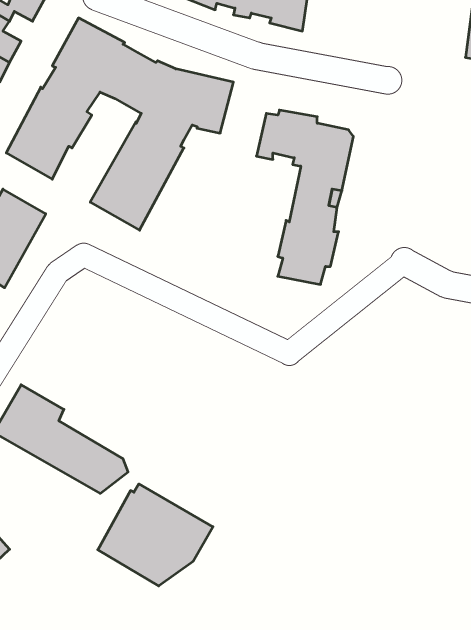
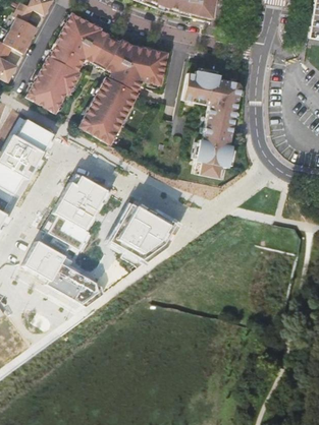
building: none -> [48,172,105,248]
building: [98,484,213,586] -> [108,198,179,261]

